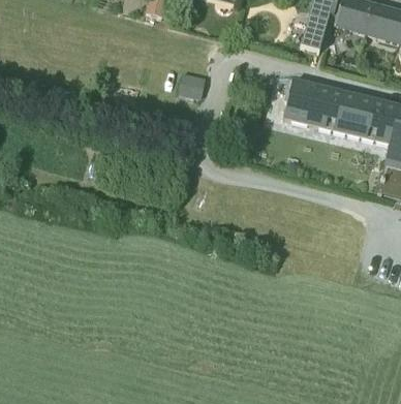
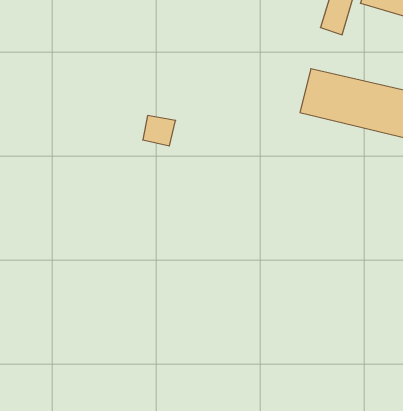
building: [177,72,205,98] -> [143,116,176,146]

